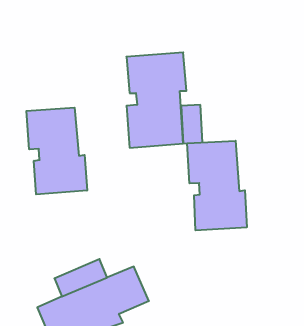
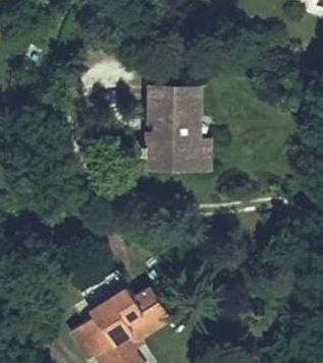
building: [26,108,87,194] -> none
building: [187,141,247,230] -> none

